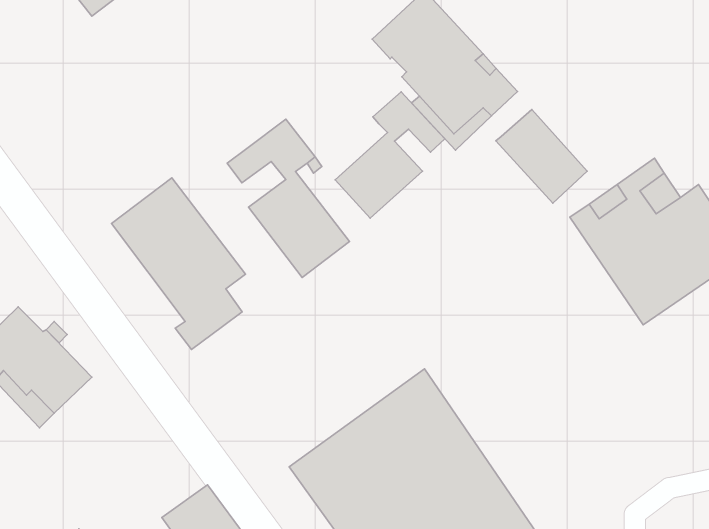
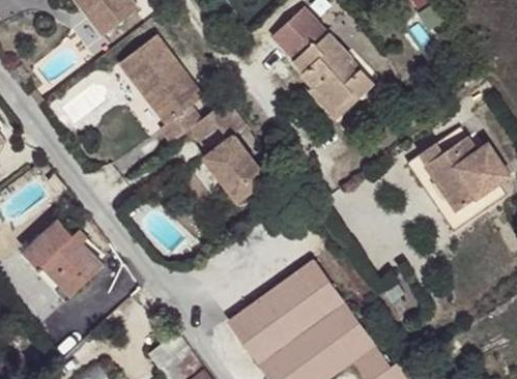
building: [335,92,445,218] -> none
building: [496,110,587,203] -> none
building: [112,178,245,349] -> [118,33,203,142]

